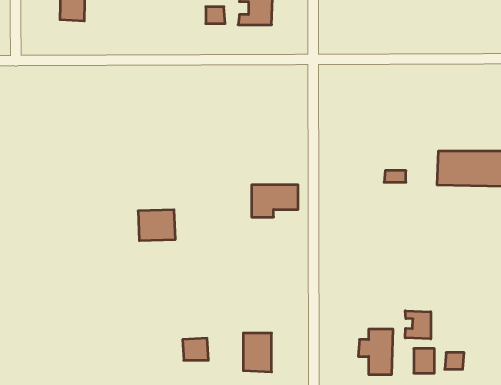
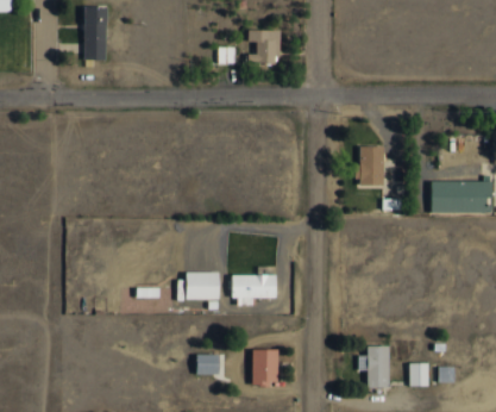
building: none -> [358,146,384,185]
building: [252,185,298,217] -> [233,275,276,305]
building: [138,210,175,241] -> [186,271,220,300]
building: [405,311,431,339] -> none

